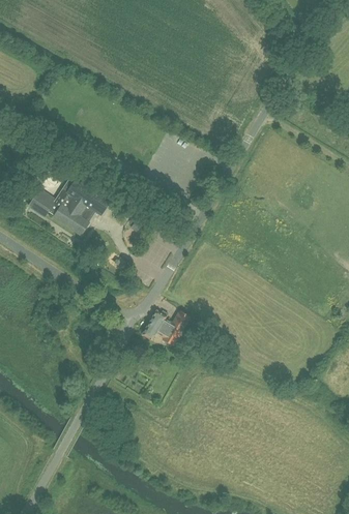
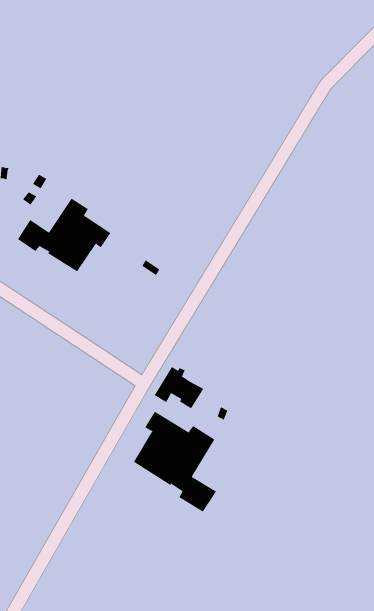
building: none -> [133,411,217,512]

